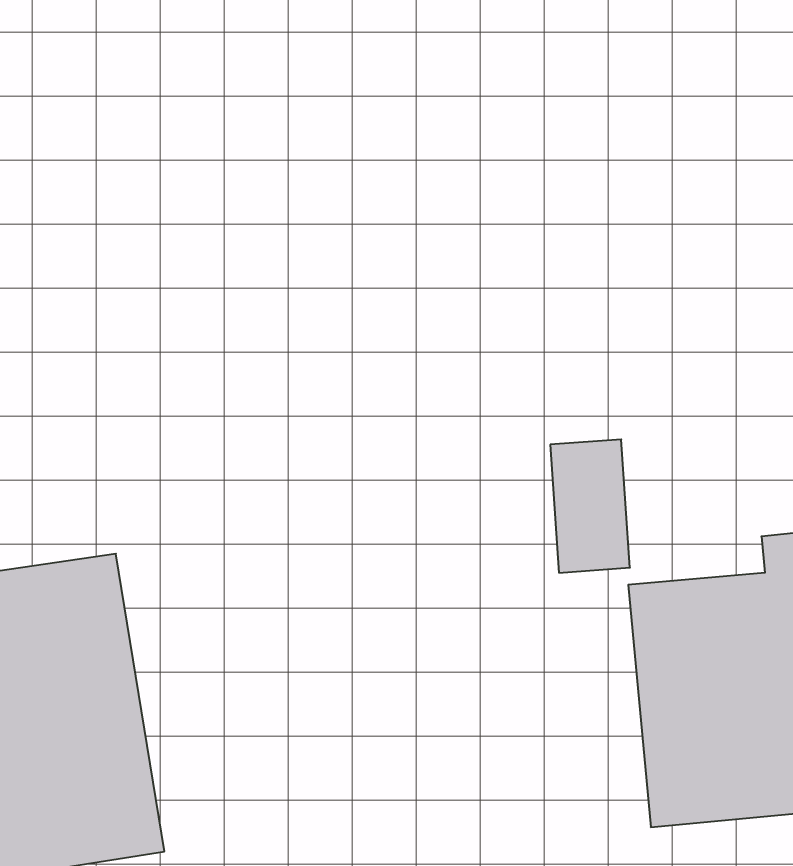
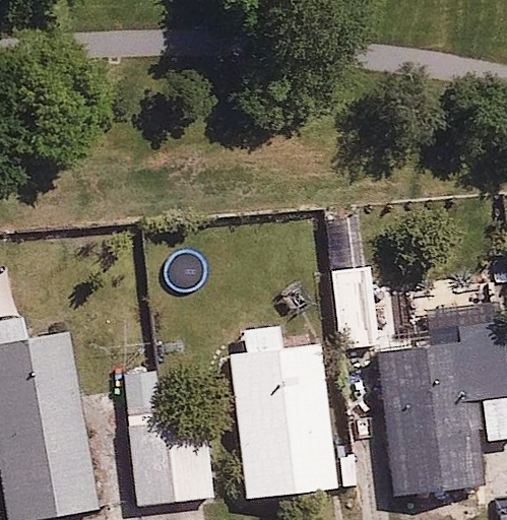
building: none -> [231,331,335,498]
building: none -> [129,419,216,507]

